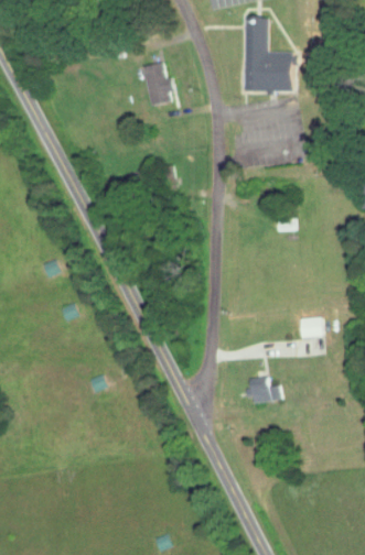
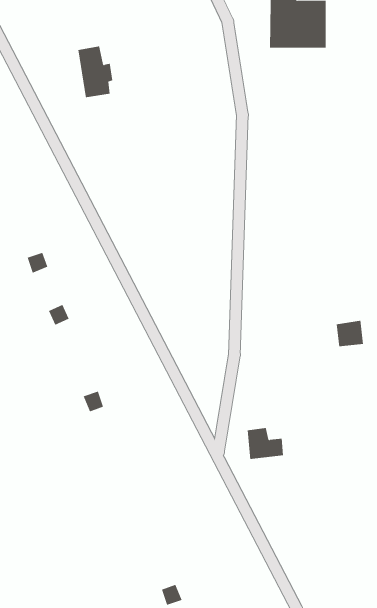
building: [143,63,173,106] -> [77,46,113,98]
building: [250,377,281,403] -> [247,428,284,460]

